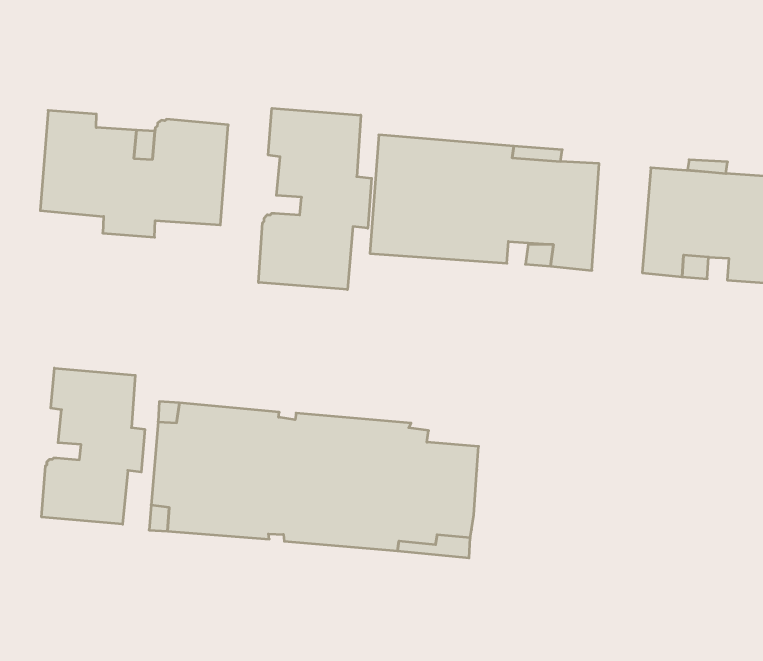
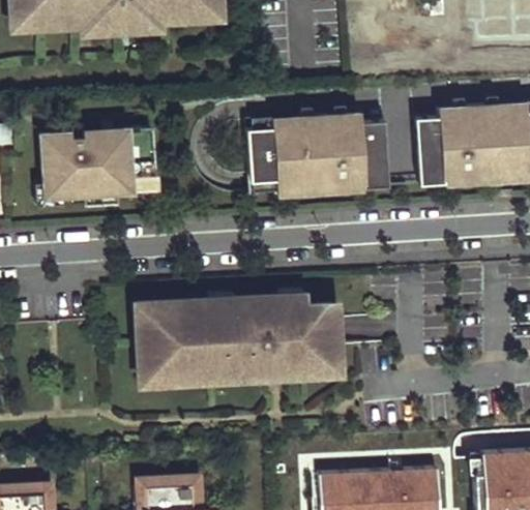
building: [259,108,372,290] -> none
building: [42,368,145,524] -> none

